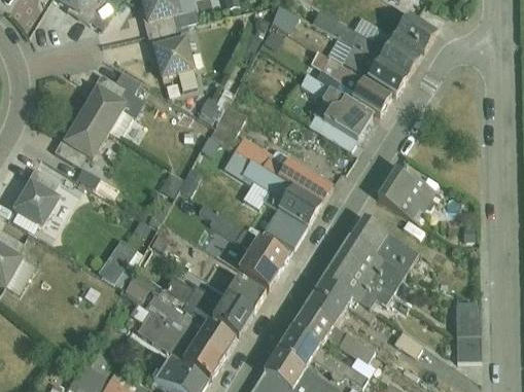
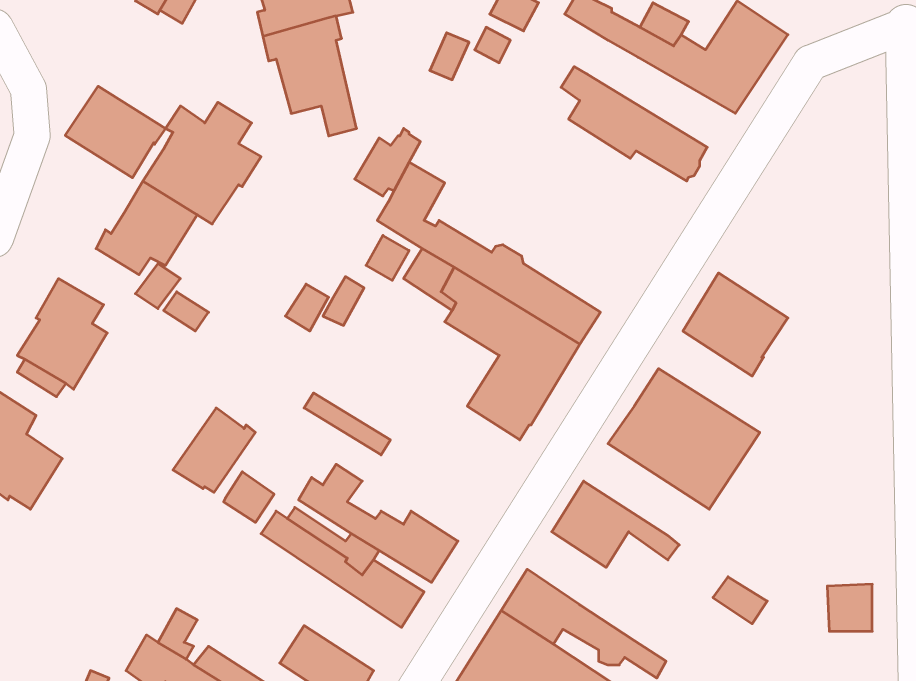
building: [324,37,406,96] -> none
building: none -> [65,86,165,178]
building: [300,75,374,151] -> none
building: [200,204,287,287] -> none
building: [185,258,266,312] -> none
building: [322,258,391,309] -> none
building: [455,301,481,336] -> none
building: [130,302,222,378] -> none
building: [291,307,375,378] -> none

